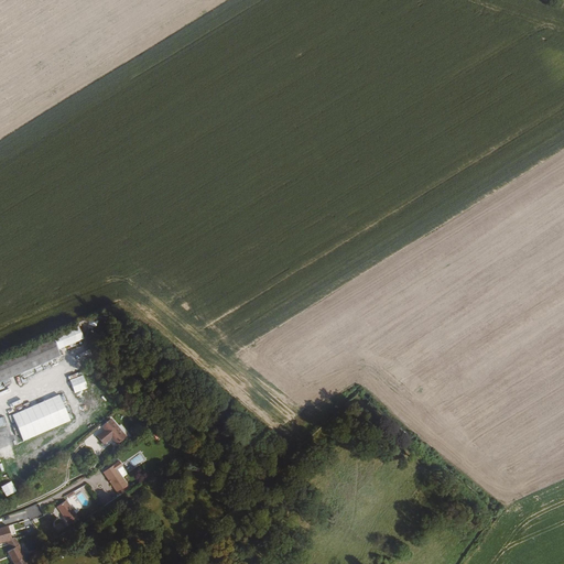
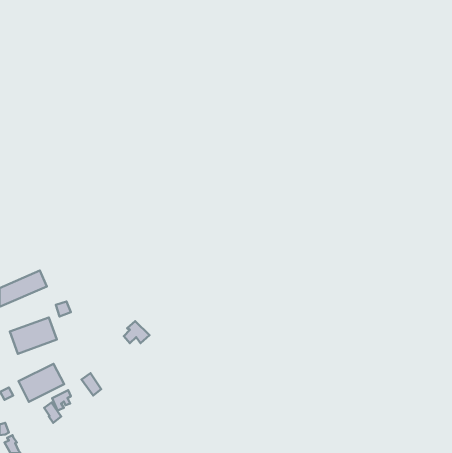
building: [96,417,128,445] -> [124,321,149,343]
building: none -> [18,364,64,402]

